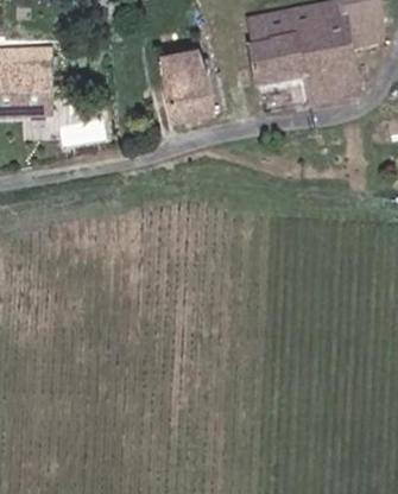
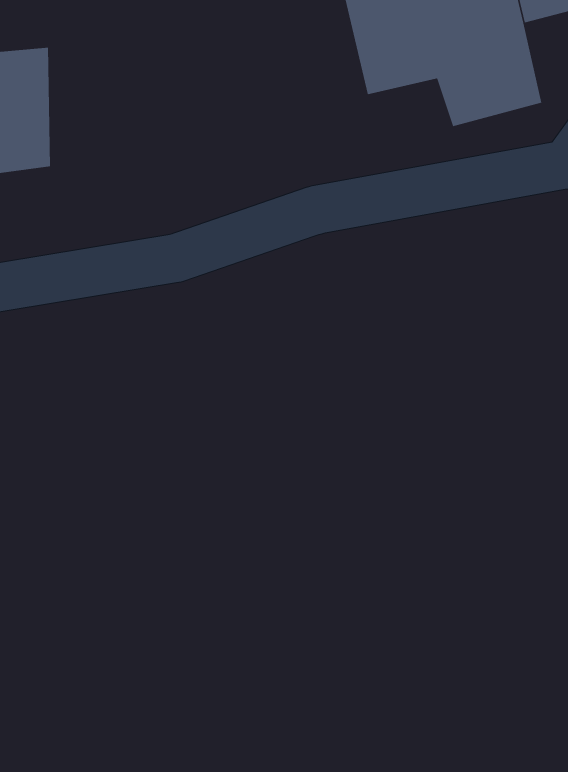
building: [163,48,210,109] -> none

